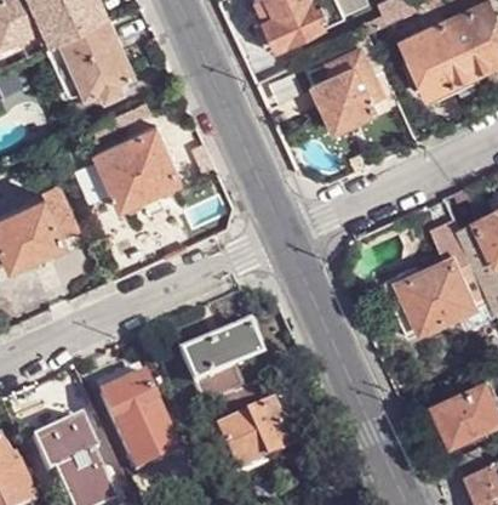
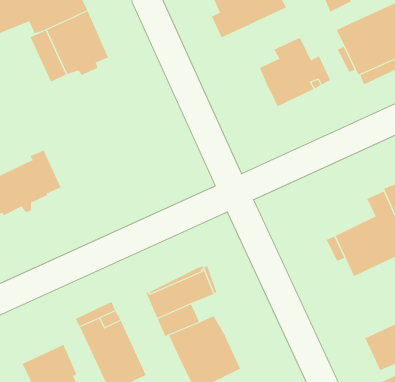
building: [93,123,179,205] -> none

